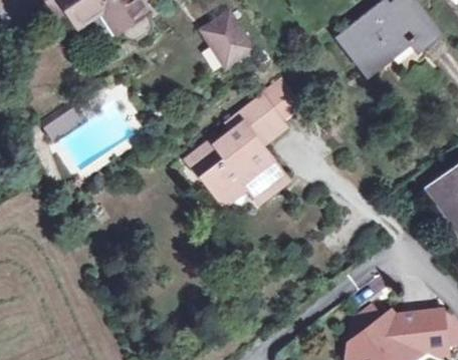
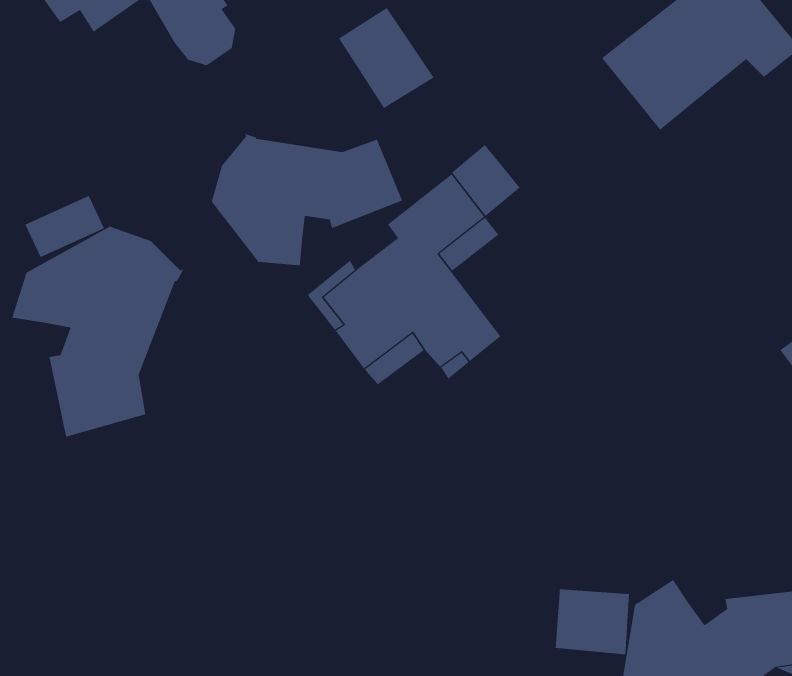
building: none -> [211,133,403,266]
building: none -> [11,226,185,437]
building: none -> [555,588,630,655]

